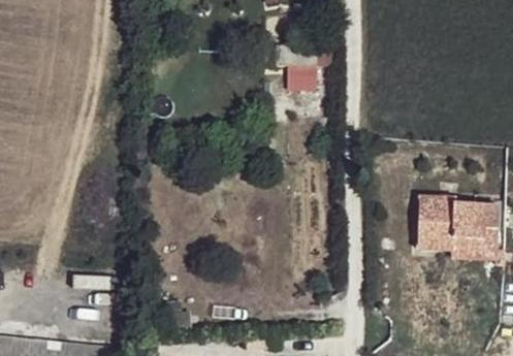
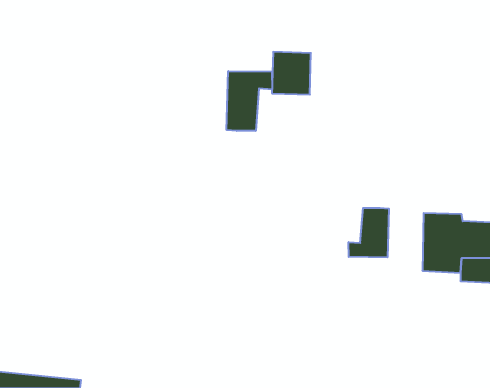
building: none -> [227,71,272,131]
building: none -> [349,208,389,257]

